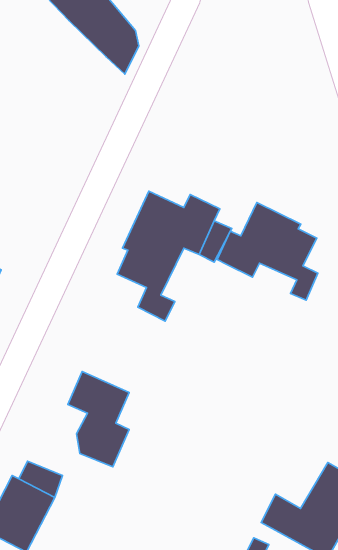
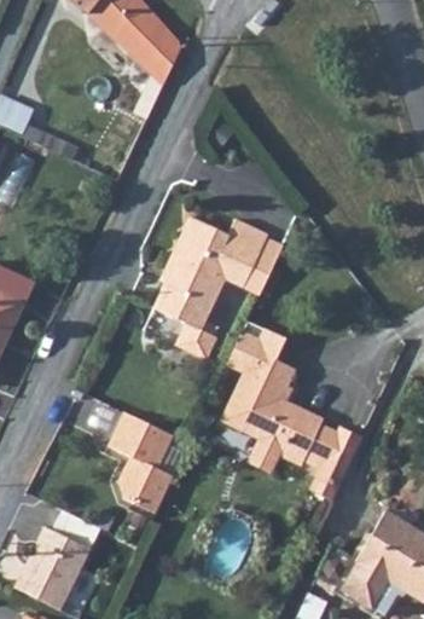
building: [217,203,318,300] -> none
building: none -> [217,322,361,503]

